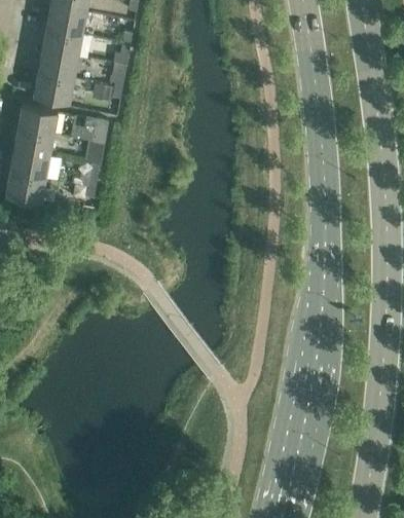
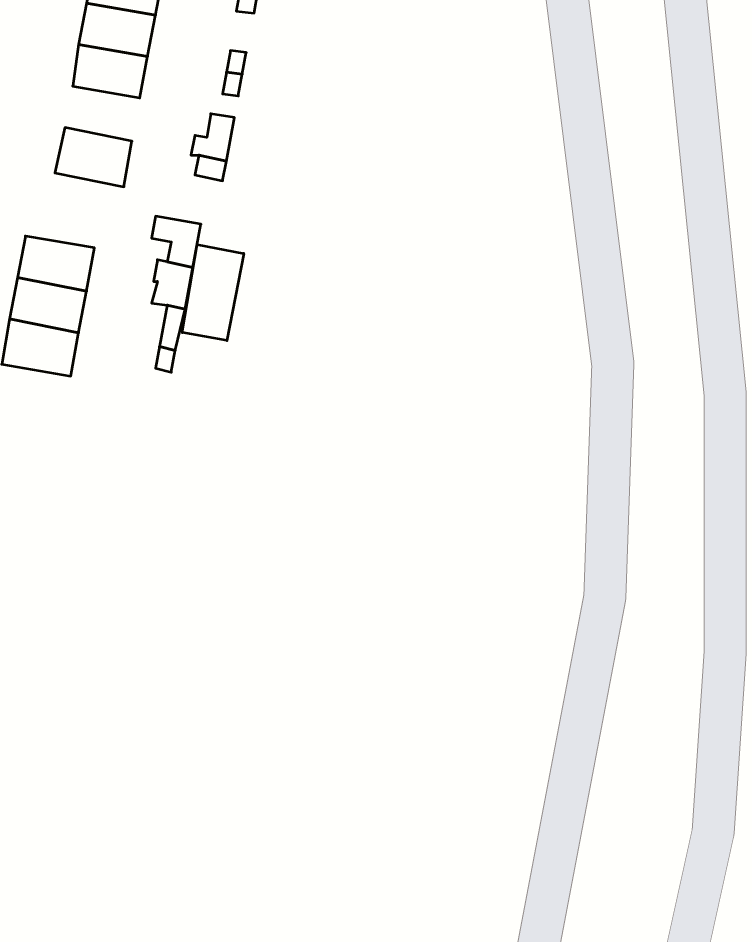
building: [39,49,78,78] -> none
building: [19,105,59,134] -> none
building: none -> [182,245,244,341]

